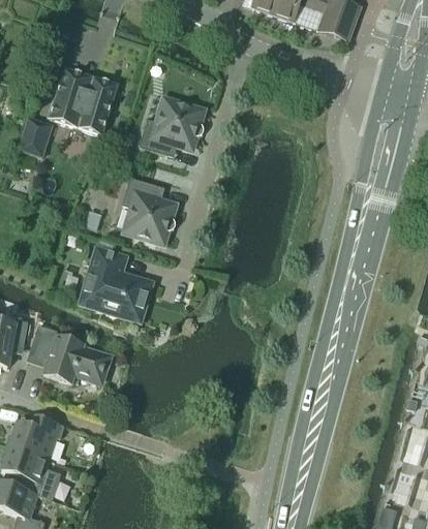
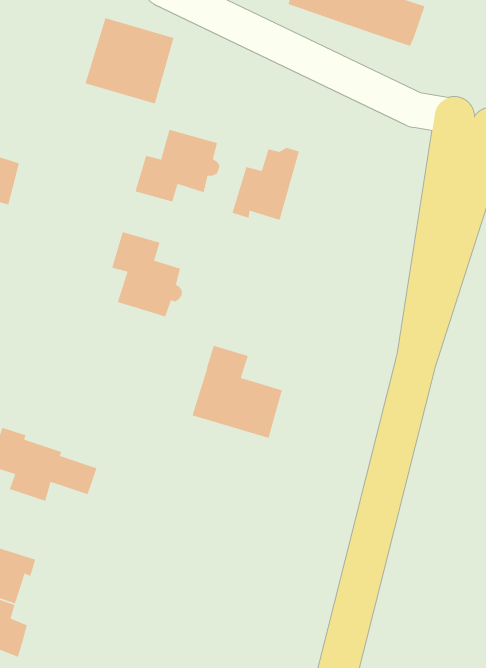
building: [49,68,117,134] -> [84,17,175,104]
building: none -> [232,147,300,221]
building: [81,249,150,320] -> [191,345,283,439]

